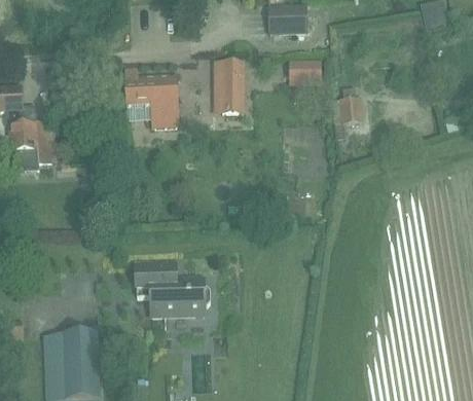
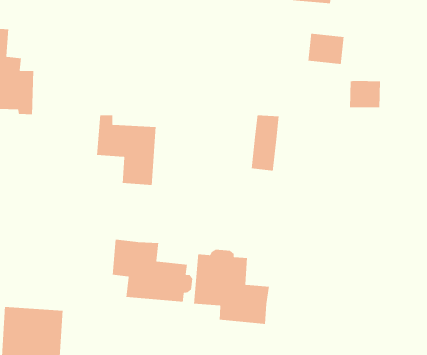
building: [222,63,243,113] -> [251,114,280,171]
building: [124,67,179,127] -> [96,115,157,186]
building: none -> [193,249,270,325]

